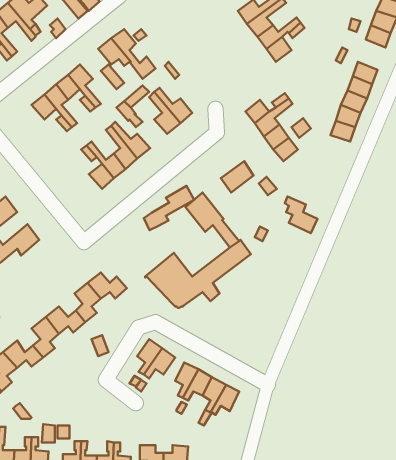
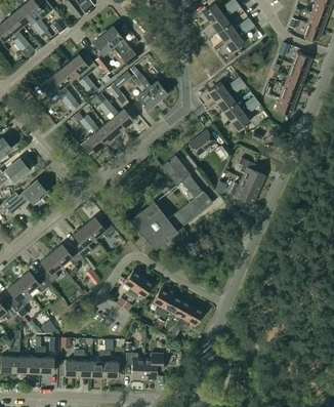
building: [144,186,194,230] -> none
building: none -> [229,178,259,203]

